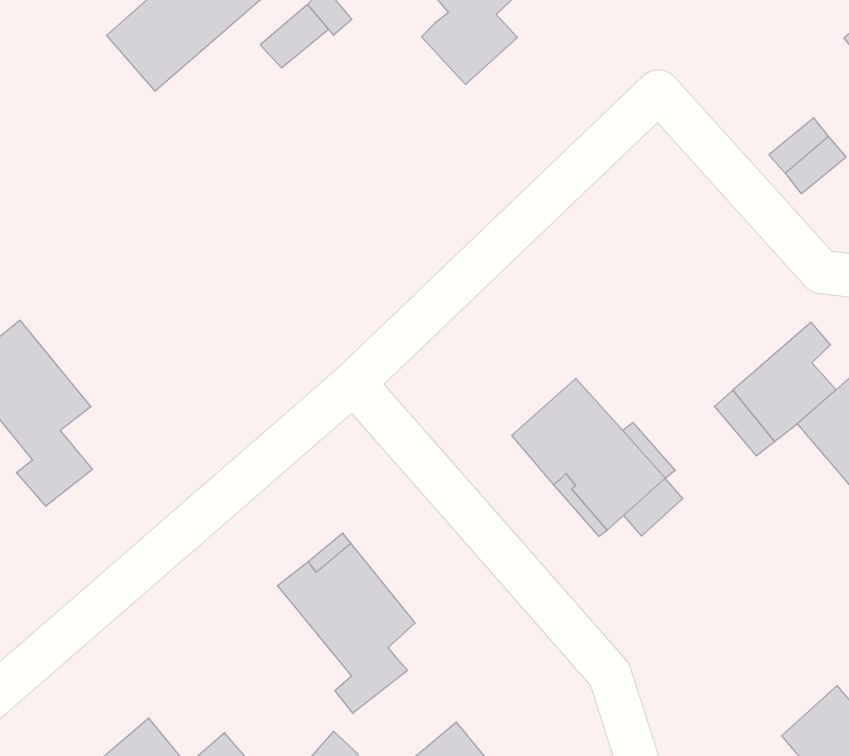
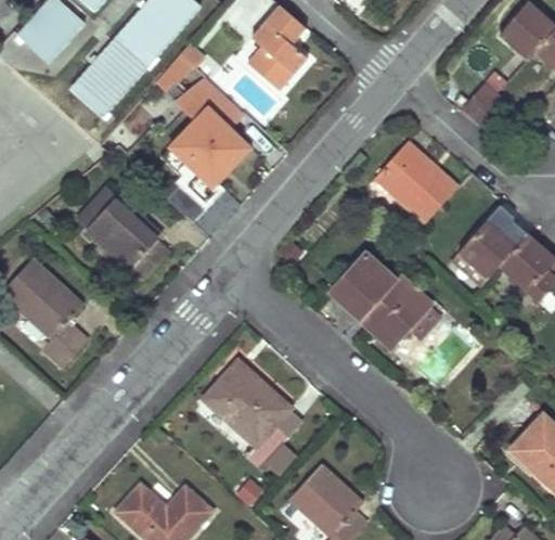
building: none -> [172,76,251,182]
building: none -> [376,142,457,222]
building: none -> [88,198,167,280]

